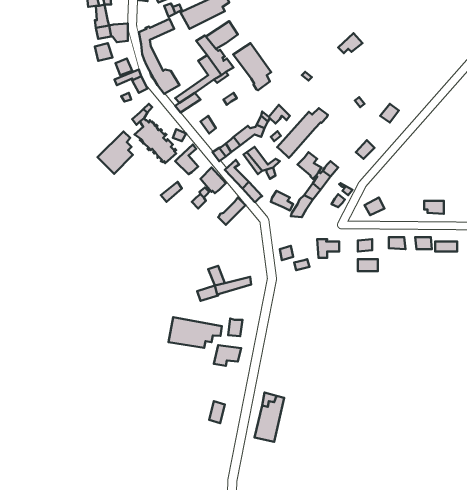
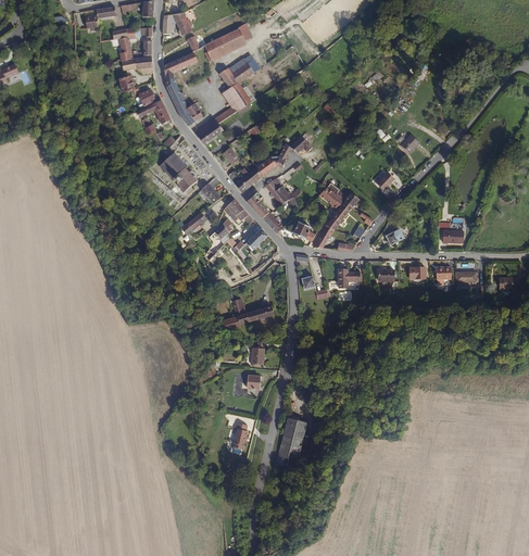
building: [233,43,271,90] -> none
building: [277,108,328,158] -> none
building: [98,131,133,174] -> none
building: [169,317,222,348] -> none

